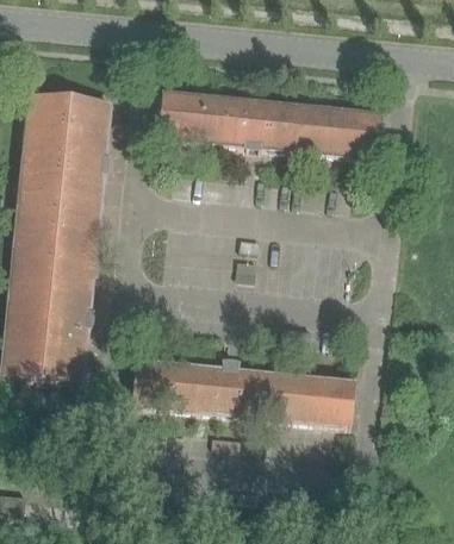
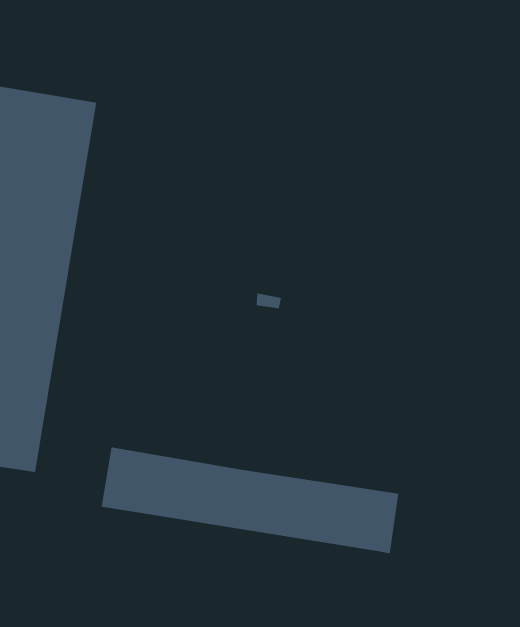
building: [160,89,381,156] -> none

